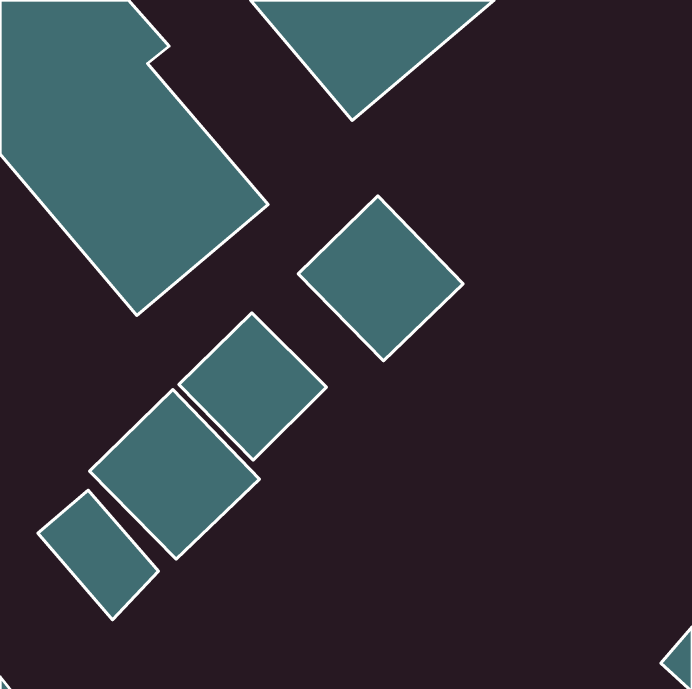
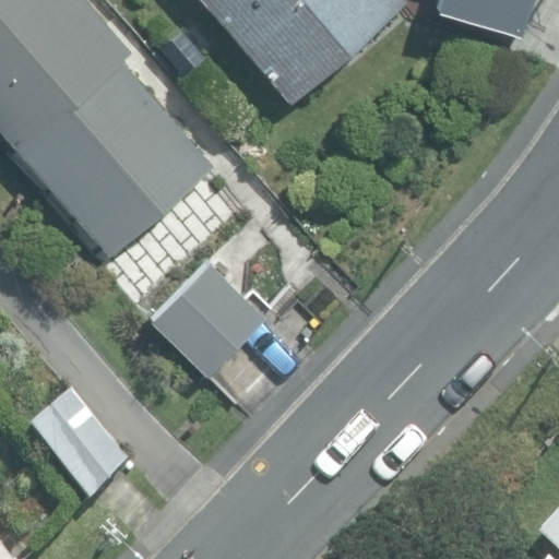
building: [298,196,463,361] -> none
building: [89,389,259,559] -> none

